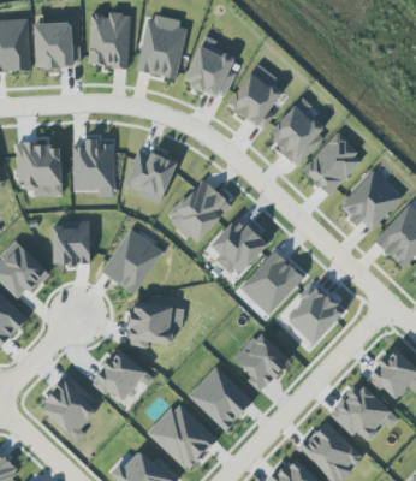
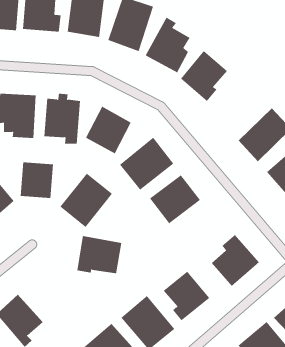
building: [266,97,328,164] -> none
building: [238,250,304,315] -> none
building: [90,349,147,400] -> none

